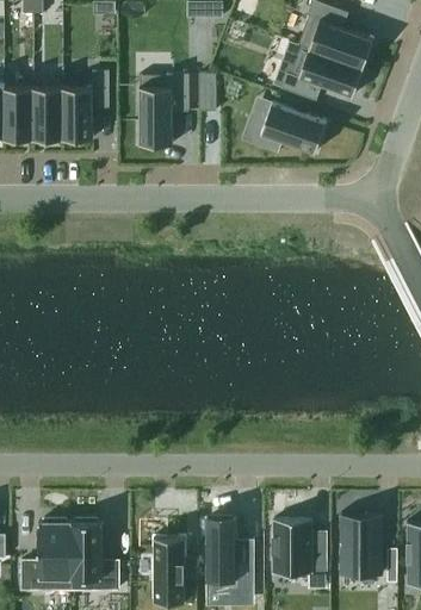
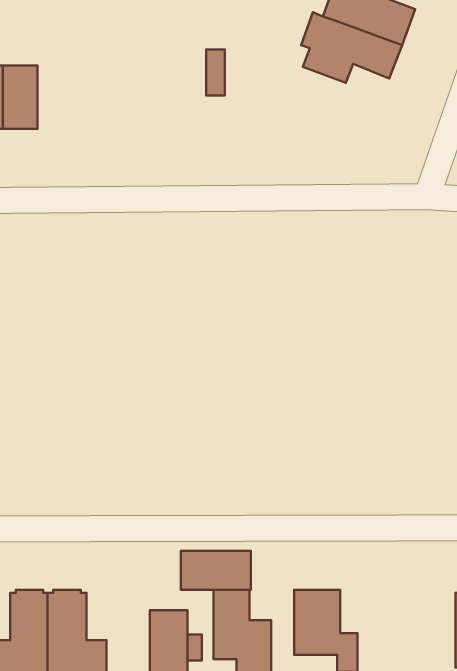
building: [61,70,109,138] -> none
building: [138,73,188,144] -> none
building: [260,102,326,152] -> none
building: none -> [181,551,251,590]
building: [340,517,383,572] -> none

